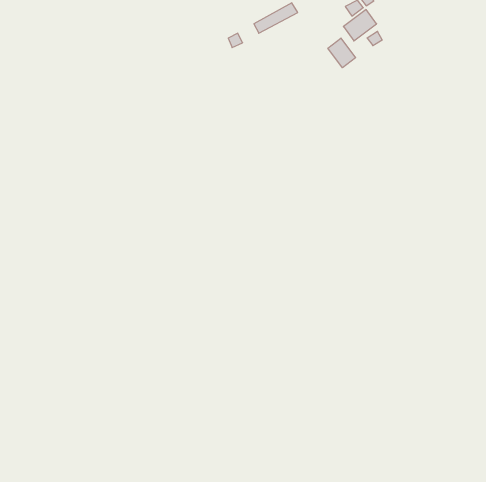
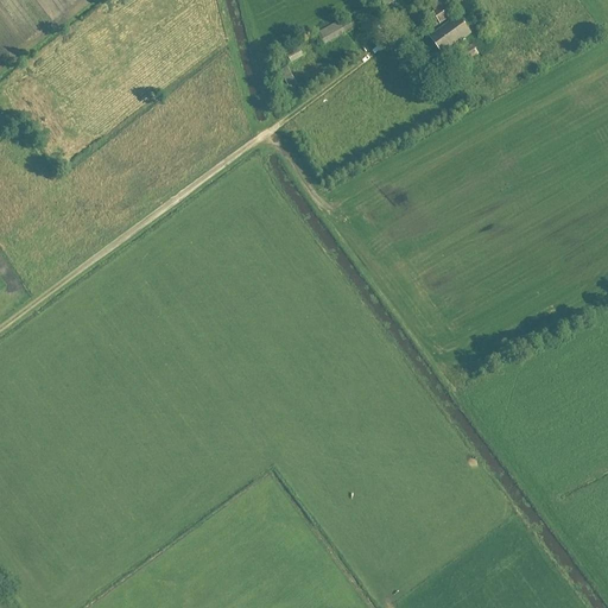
building: [328,38,356,68] -> none

